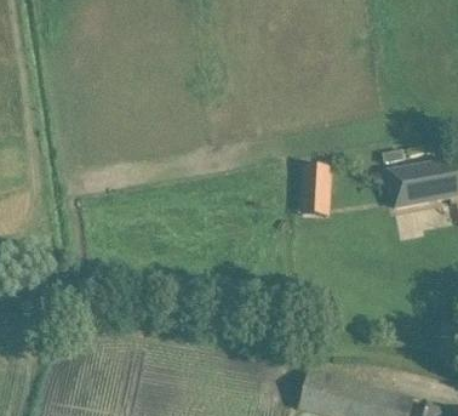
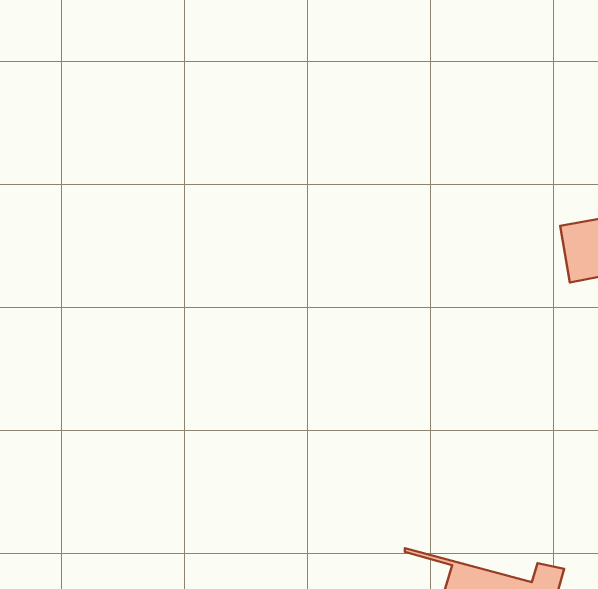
building: [305,164,332,196] -> none

